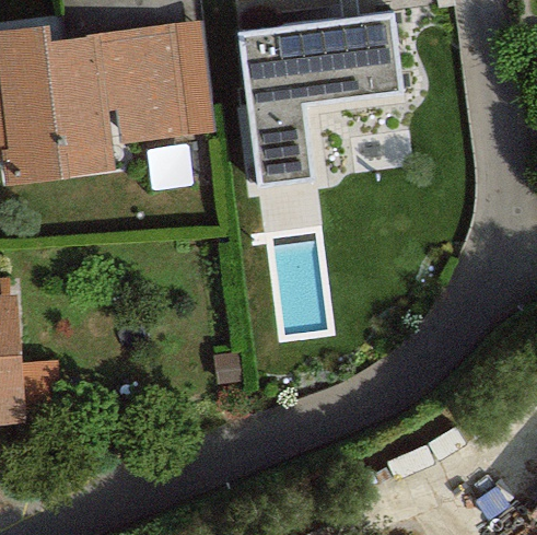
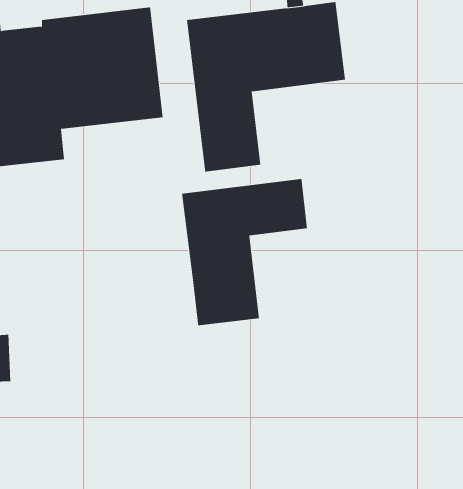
building: none -> [182,178,308,326]

